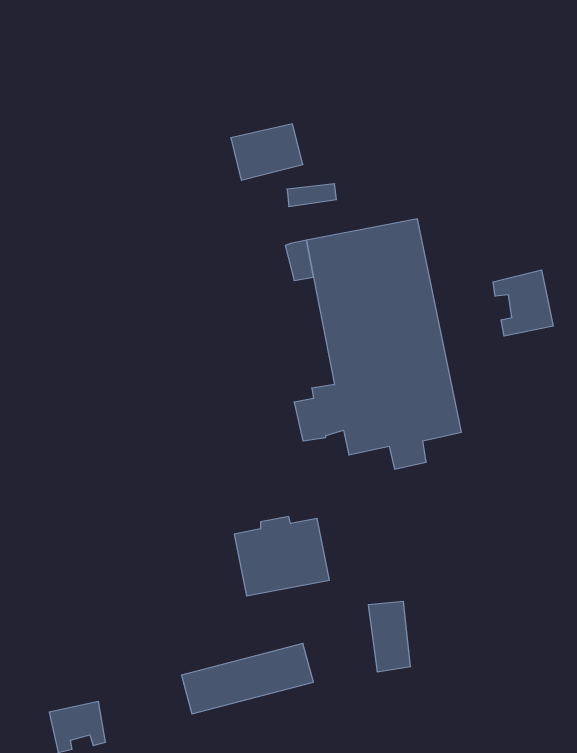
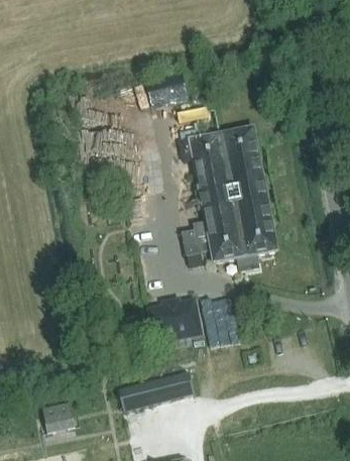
building: [493,270,553,336] -> none
building: [368,601,411,672] -> [214,299,238,339]

